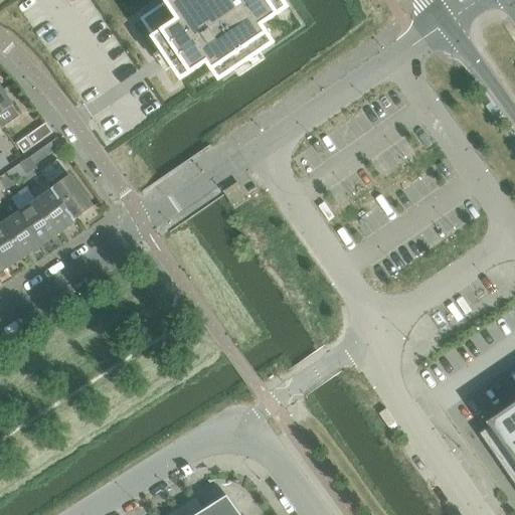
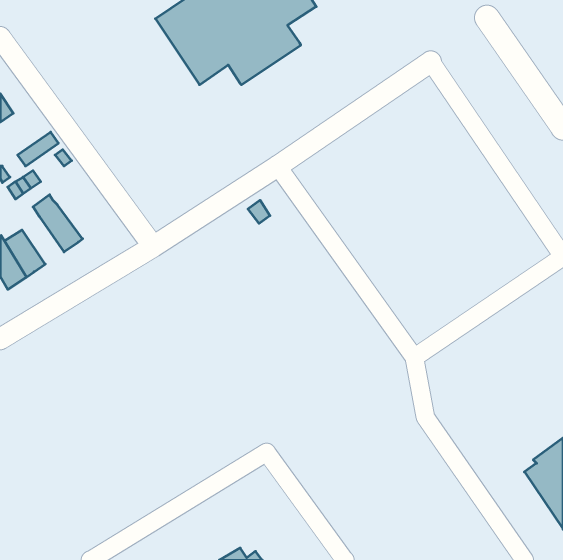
building: [41,158,93,218] -> none
building: [11,185,58,241] -> none

